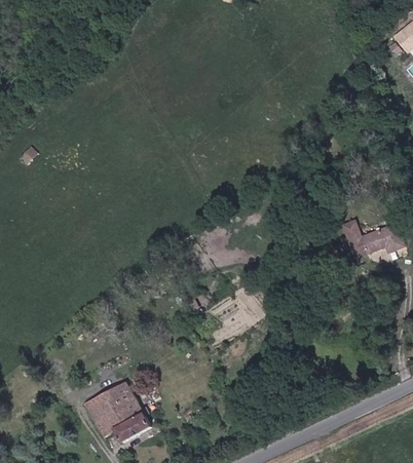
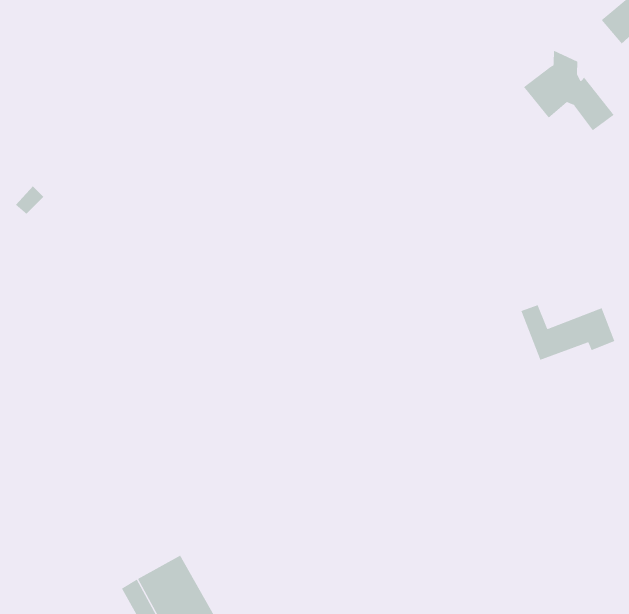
building: none -> [523,50,614,131]

